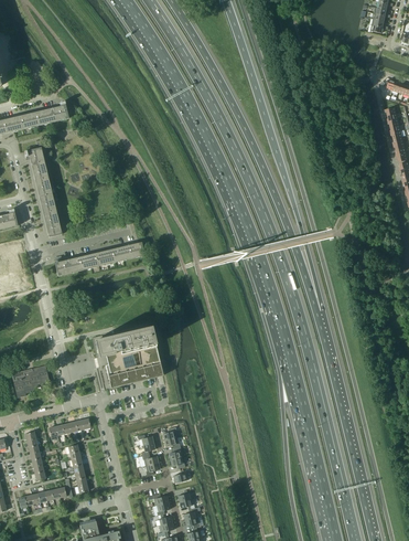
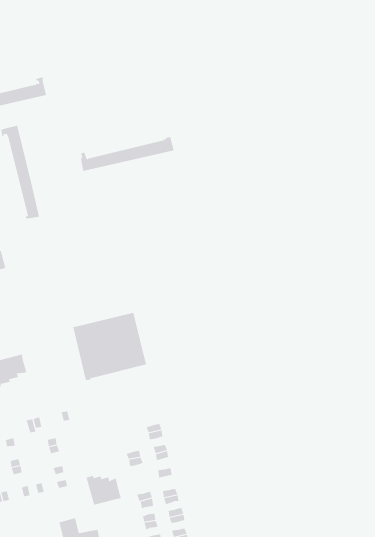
building: [55,242,144,275] -> [80,137,174,171]
building: none -> [86,475,122,506]

